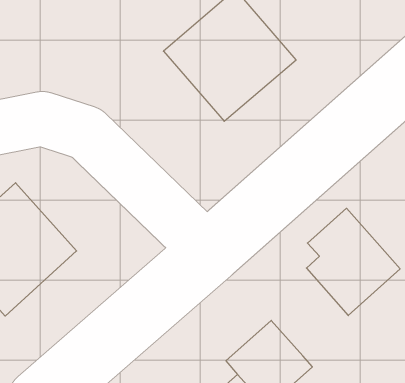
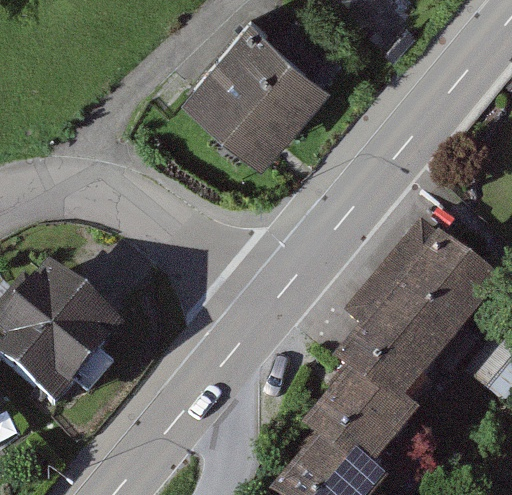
building: none -> [335,308,430,403]

